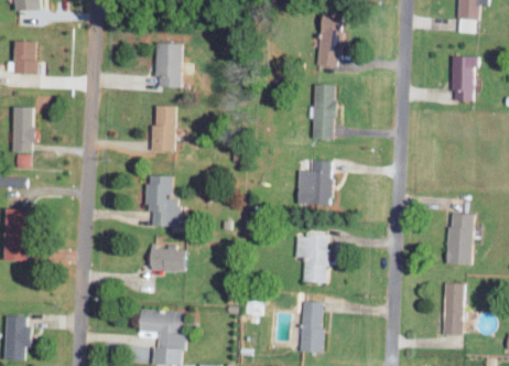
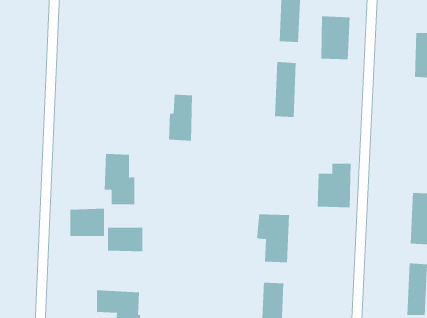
building: none -> [321,16,350,60]
building: [156,42,183,87] -> none
building: [151,105,175,151] -> [168,94,193,141]
building: [297,160,332,204] -> [317,163,352,208]
building: none -> [70,208,105,237]

